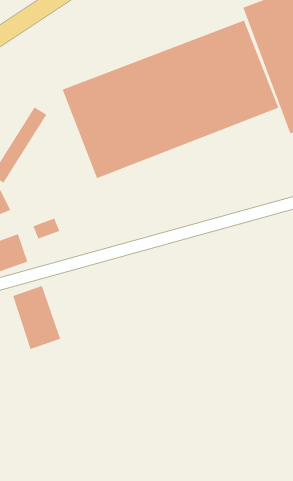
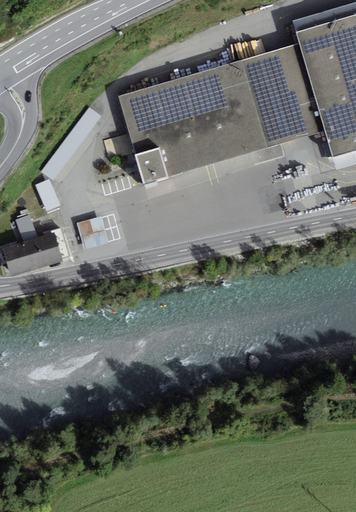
building: [12,285,61,350] -> none

